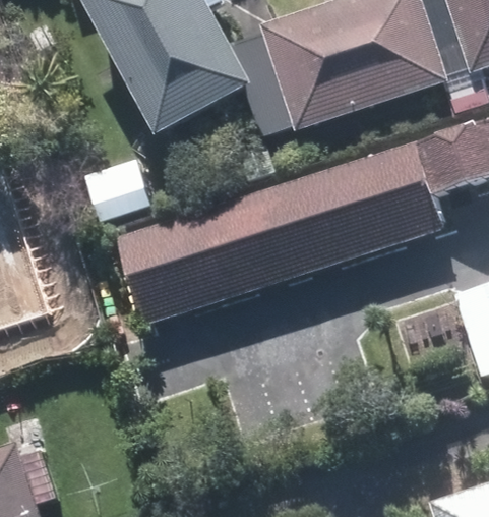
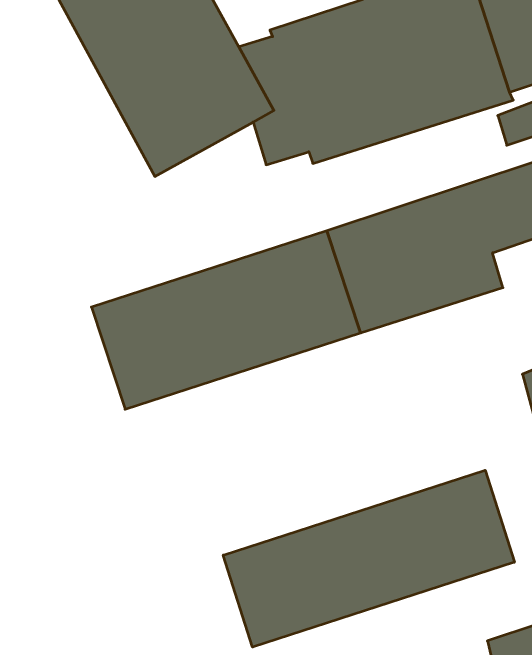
building: none -> [223,470,514,647]

